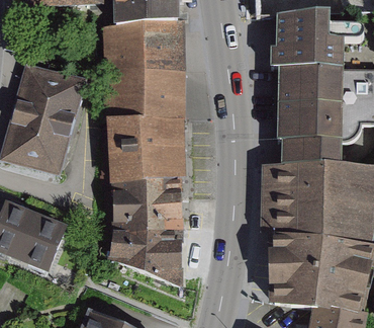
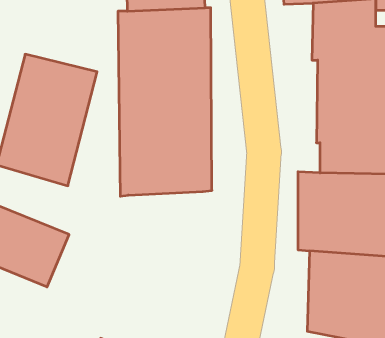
building: [113,185,182,291] -> none

